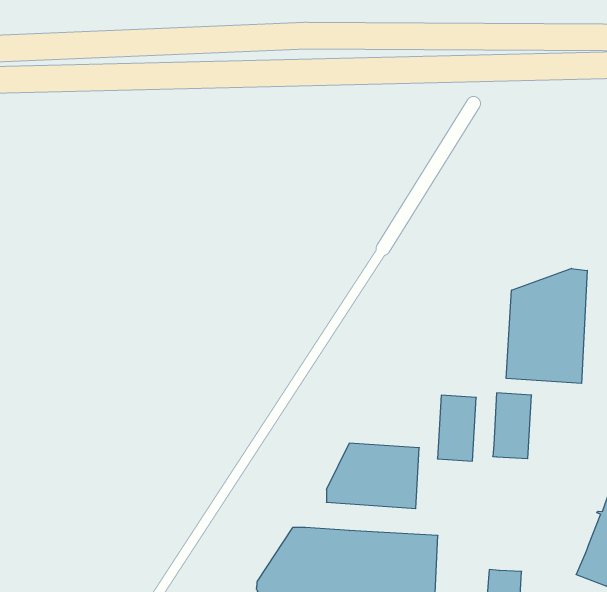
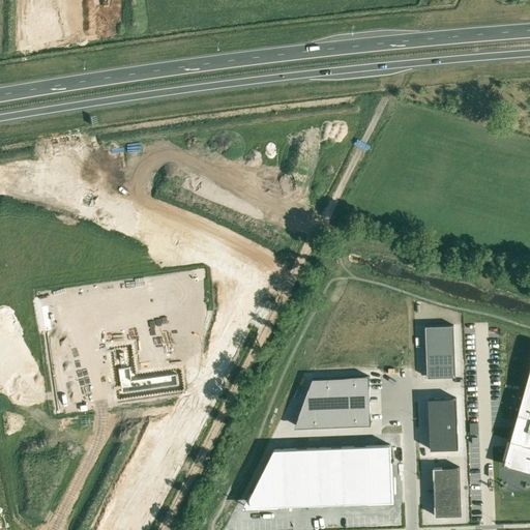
building: [506,268,587,383] -> none
building: [437,395,476,461] -> [429,400,459,451]

